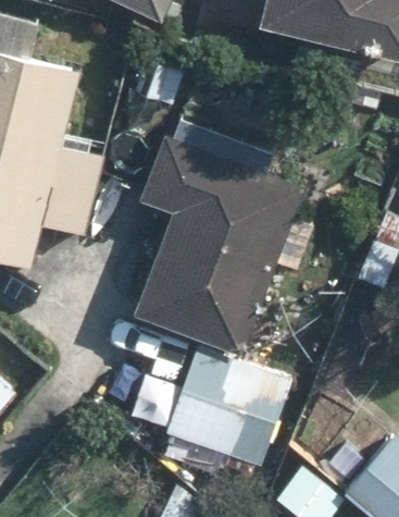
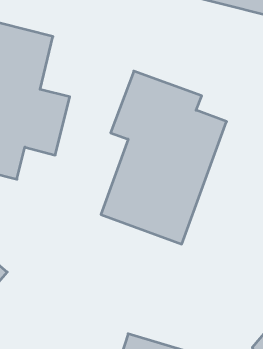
building: [170,348,297,470] -> none

